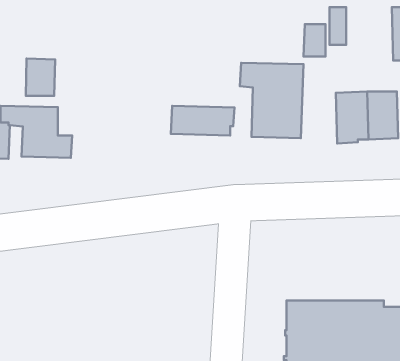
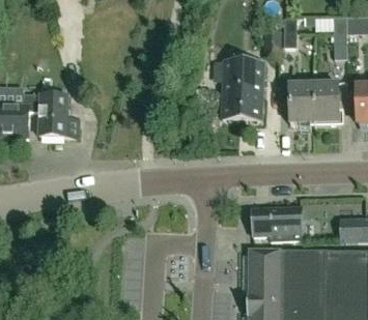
building: [26,59,55,96] -> none
building: [171,106,235,135] -> none
building: none -> [252,206,302,239]

